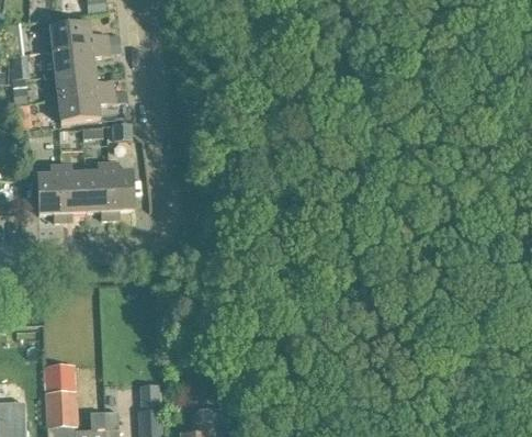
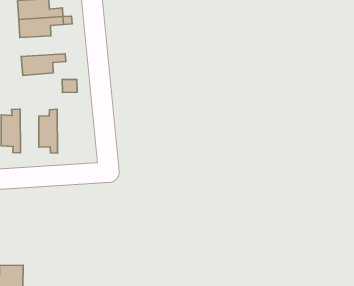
building: [54,69,113,98] -> none
building: [106,163,134,218] -> none
building: [59,165,86,221] -> none

